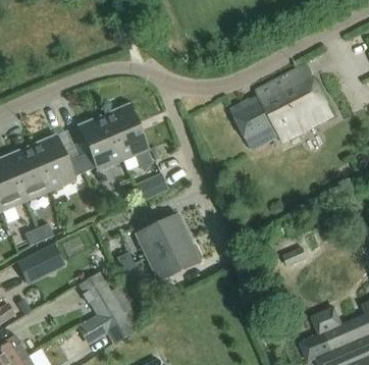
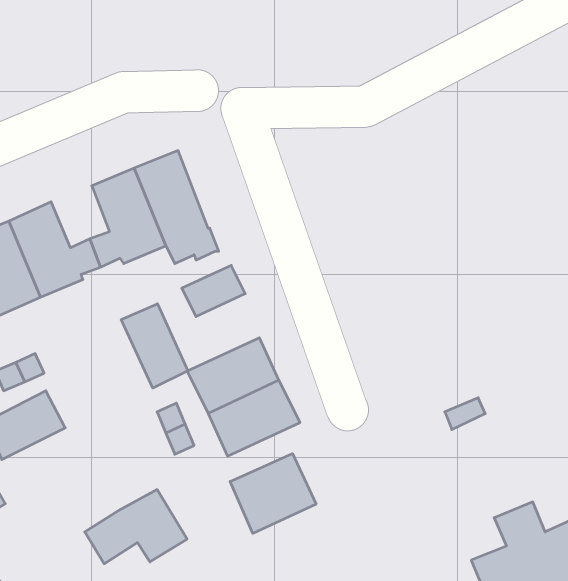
building: [231,64,334,149] -> none
building: none -> [121,304,188,388]
building: [78,272,124,313] -> none
building: none -> [230,454,316,533]

